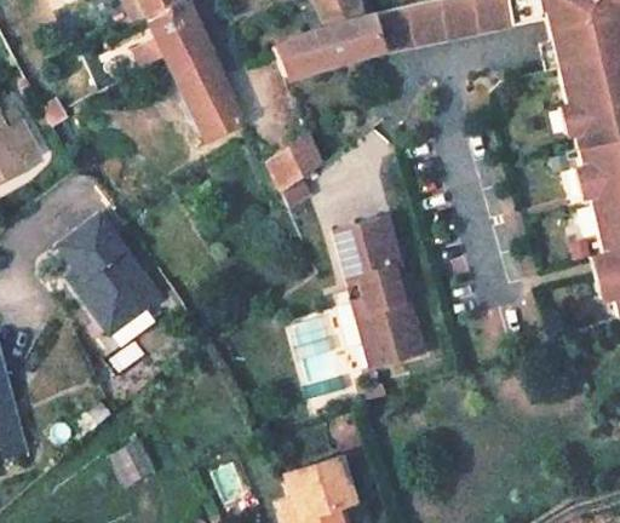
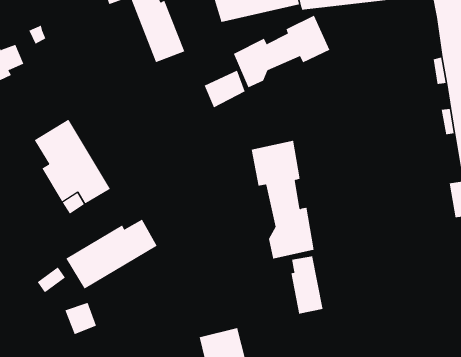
building: none -> [233,15,330,88]
building: none -> [65,219,157,290]
building: none -> [291,256,323,315]

